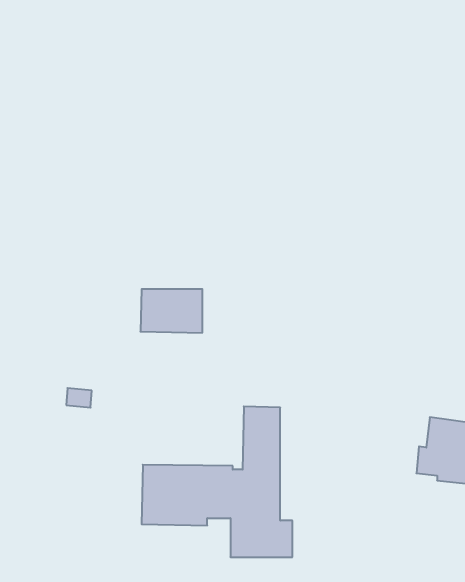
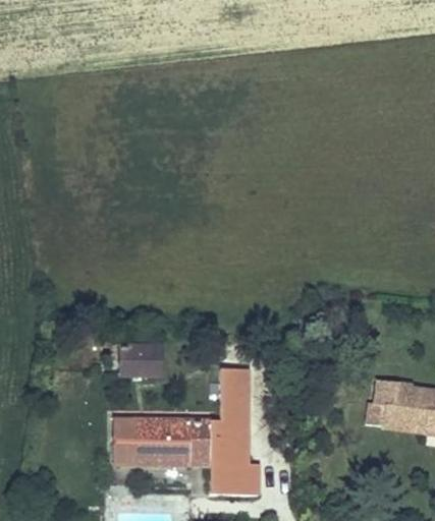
building: [140,289,202,333] -> [112,342,164,379]
building: none -> [113,416,137,466]

